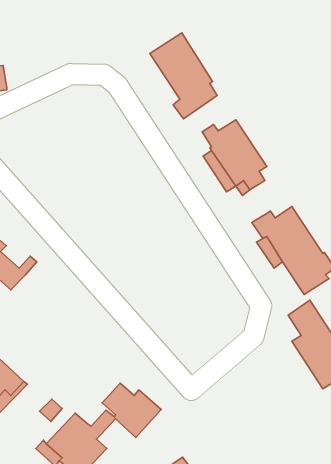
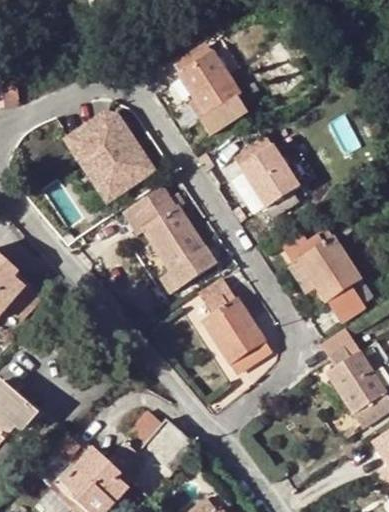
building: none -> [66,113,147,196]
building: none -> [124,184,215,291]
building: none -> [196,270,270,369]

